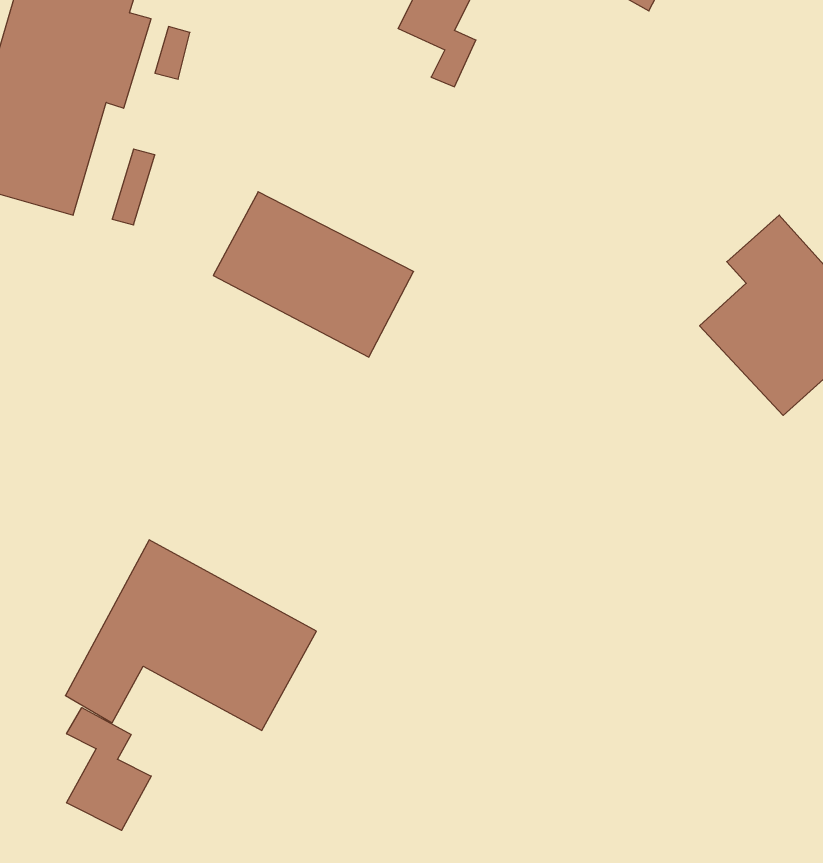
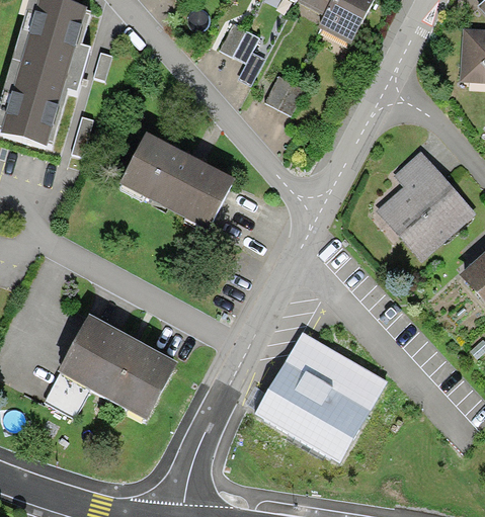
building: none -> [263,75,302,114]
building: none -> [259,332,384,456]
building: [67,708,151,830] -> none

